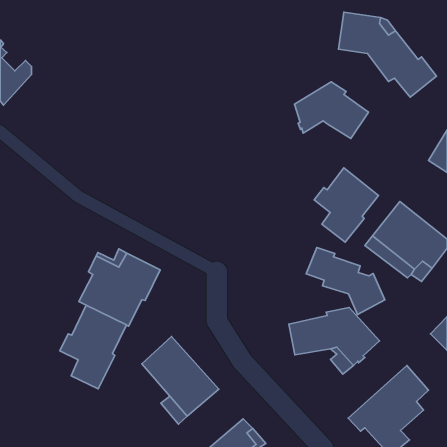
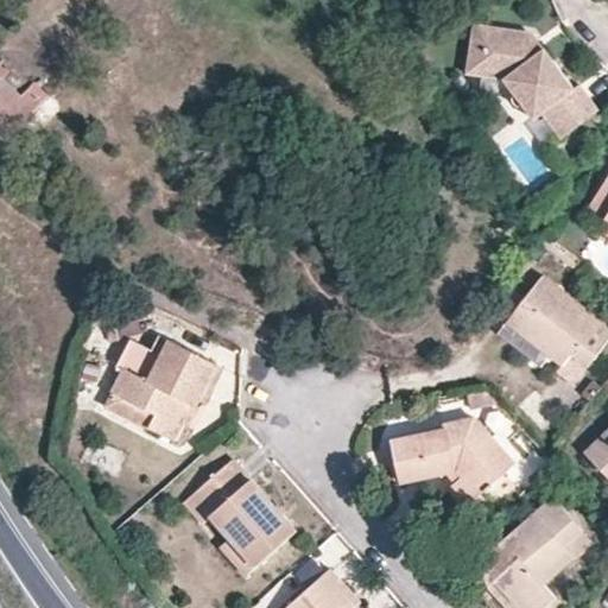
building: [294,82,368,139] -> none
building: [314,168,378,242] -> none
building: [306,248,385,314] -> none
building: [60,305,126,389] -> none

